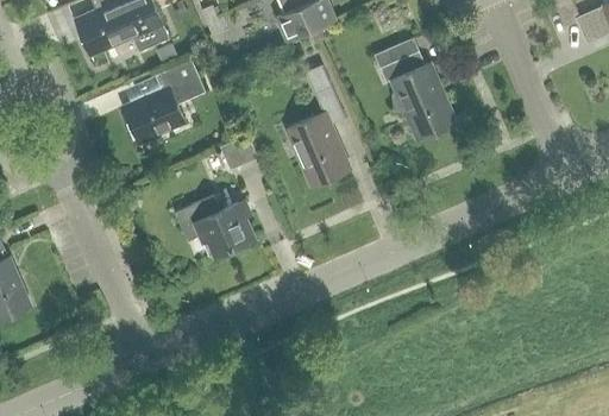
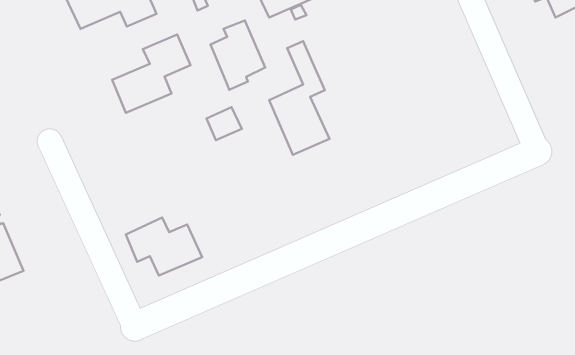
building: [375,42,453,139] -> none
building: none -> [211,21,265,90]
building: [175,195,255,256] -> [126,218,202,276]

